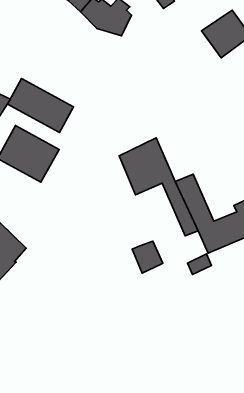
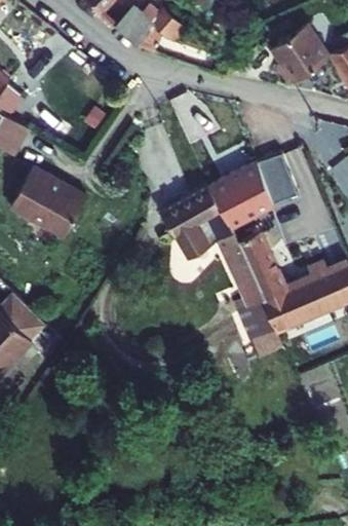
building: [8,79,73,133] -> none
building: none -> [210,154,289,224]
building: [132,241,163,273] -> [237,300,275,340]

